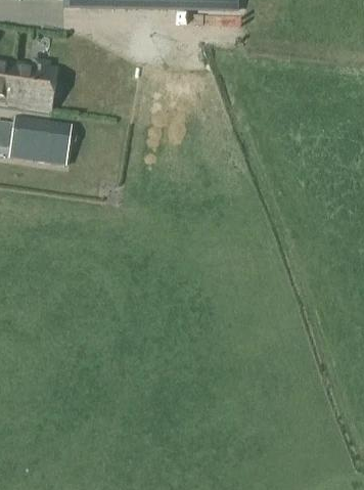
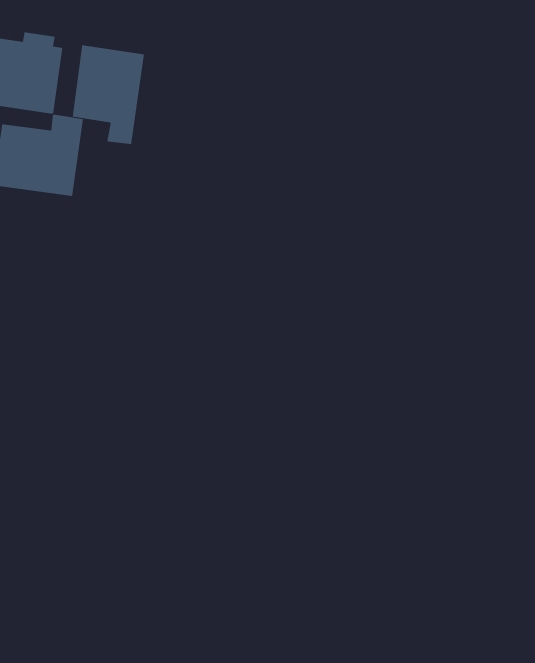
building: none -> [72,44,145,145]

